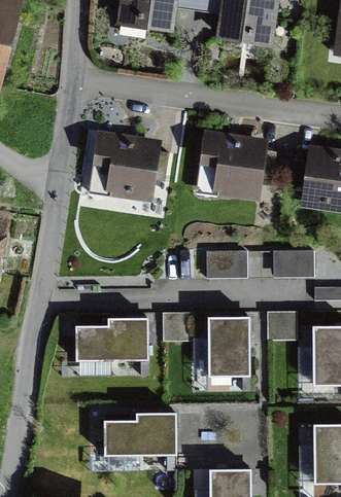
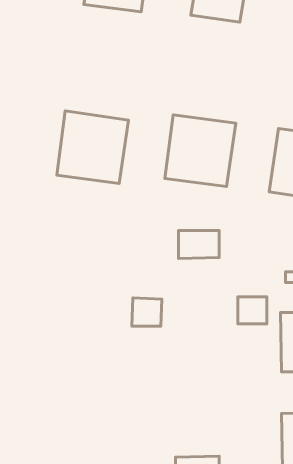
building: [273,247,314,273] -> none
building: [73,319,144,360] -> none
building: [206,319,246,377] -> none
building: [101,414,172,456] -> none

